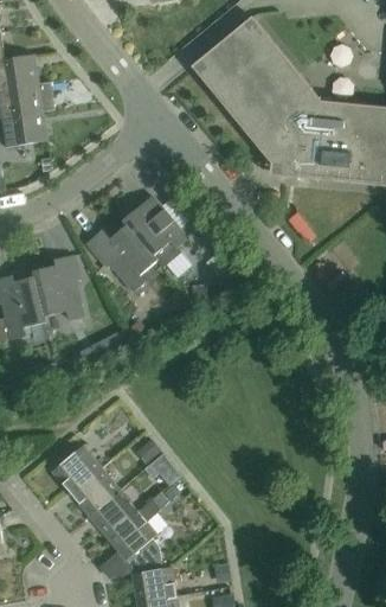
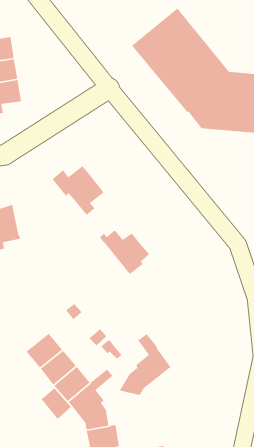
building: [118,204,186,264] -> [99,229,150,275]
building: [31,254,82,319] -> none
building: none -> [119,333,171,396]
building: none -> [40,387,72,420]

